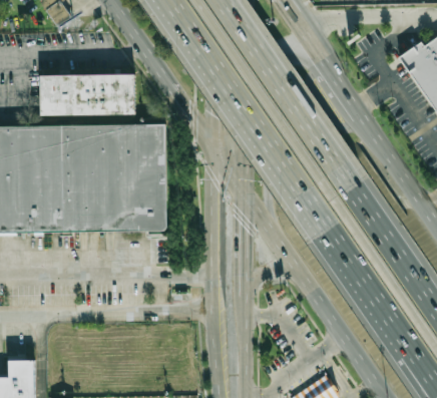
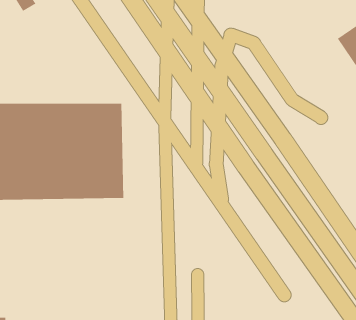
building: [39,74,133,115] -> none

